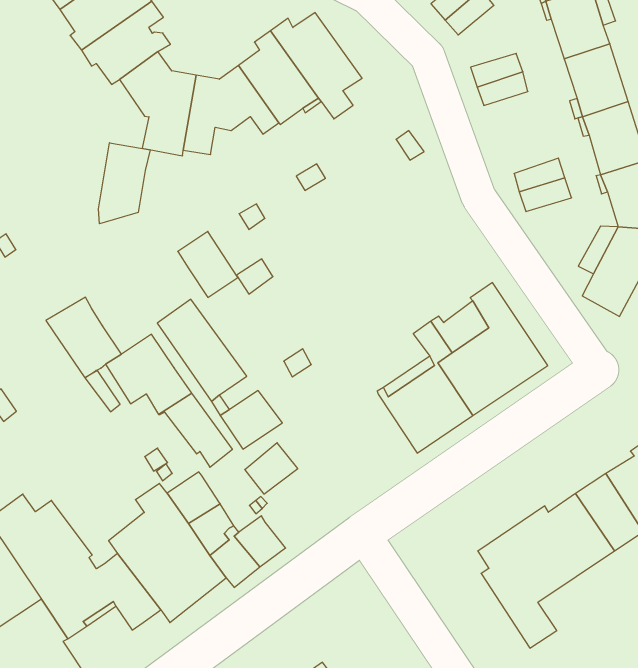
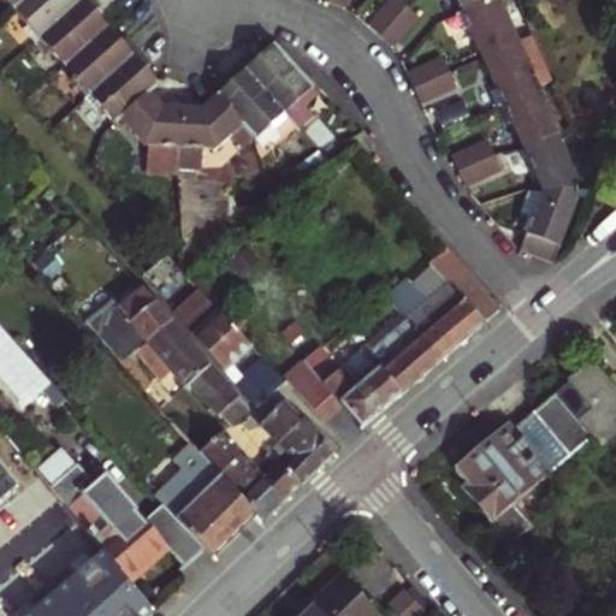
building: [98,143,150,224] -> none
building: [178,231,238,297] -> [119,286,171,340]
building: none -> [286,348,399,427]
building: none -> [278,417,334,484]

